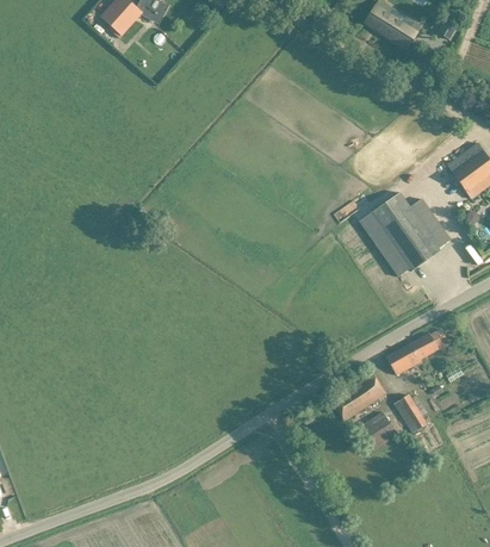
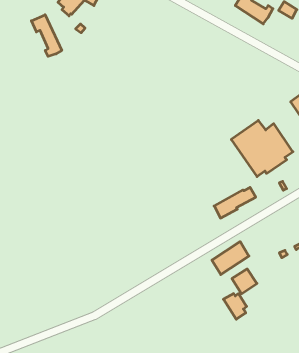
building: none -> [31,15,62,56]
building: [386,329,448,374] -> [214,187,256,218]
building: [393,394,428,433] -> [223,294,247,319]

